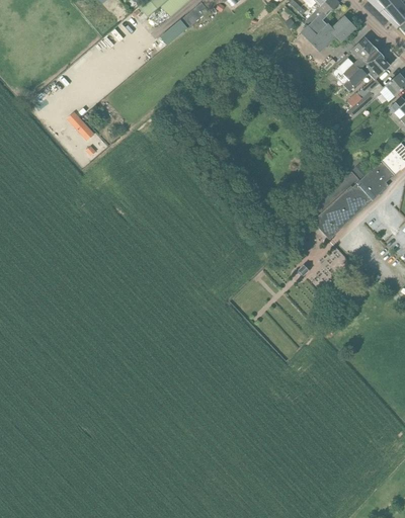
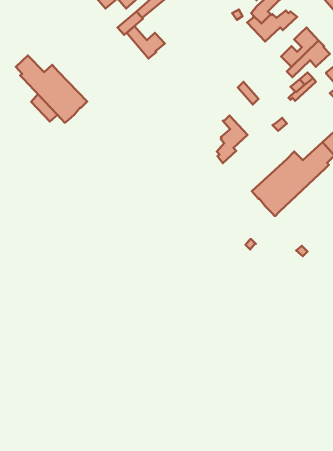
building: none -> [127,26,165,59]
building: none -> [16,55,87,123]
building: none -> [217,115,247,163]

